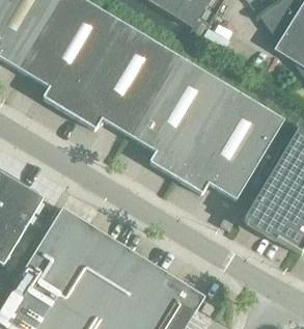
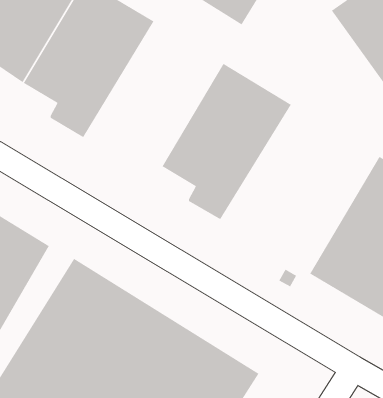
building: [70,24,177,136] -> none
building: [175,88,284,200] -> none

